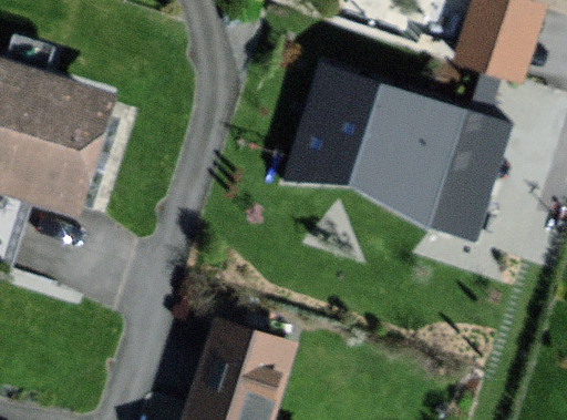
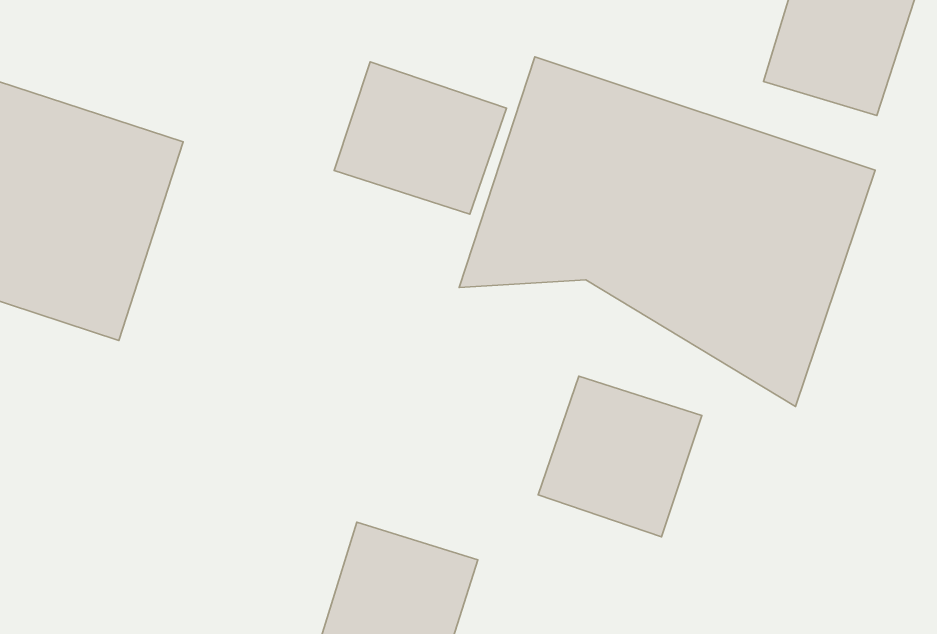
building: none -> [334,62,506,214]
building: none -> [538,376,702,537]

